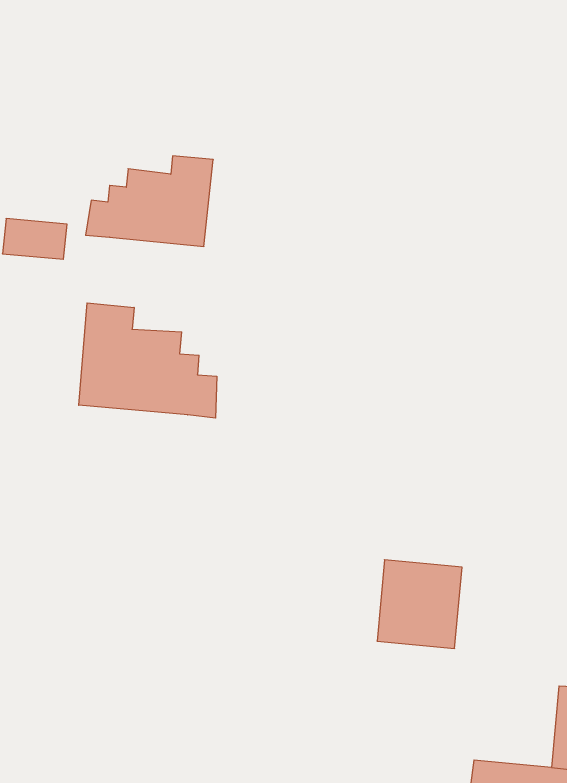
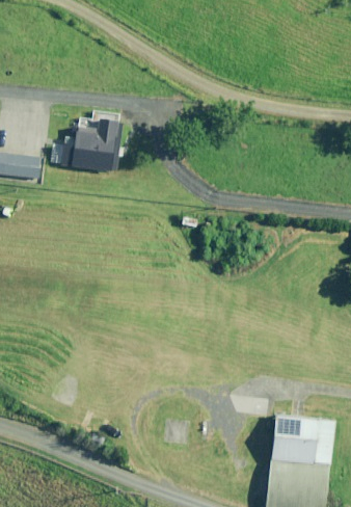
building: [79,303,217,418] -> none
building: [377,560,462,648] -> [269,415,317,464]

